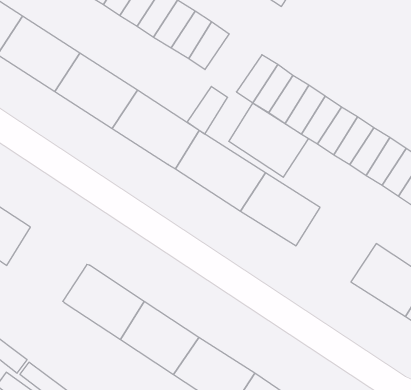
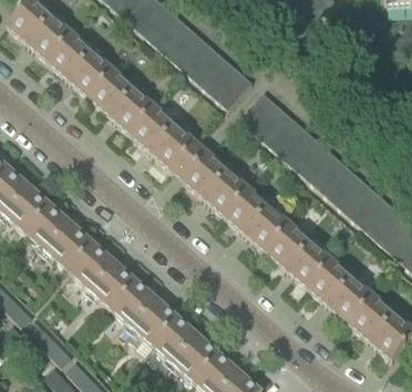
building: [187,86,228,134] -> [214,69,250,107]
building: [229,103,309,177] -> [268,224,334,289]
building: none -> [25,205,92,270]

